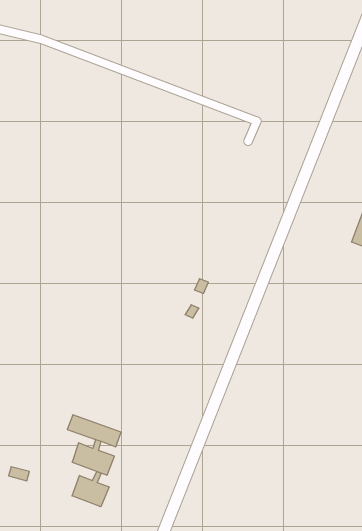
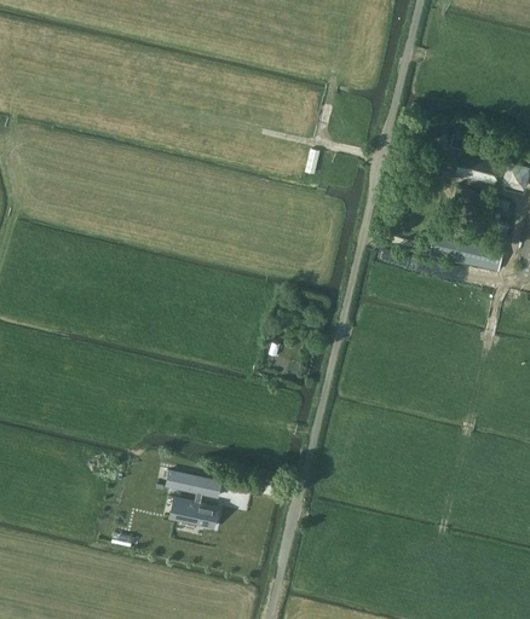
building: [72,471,109,507] -> none

